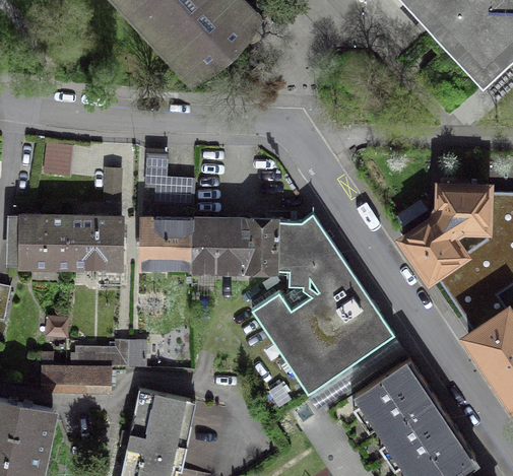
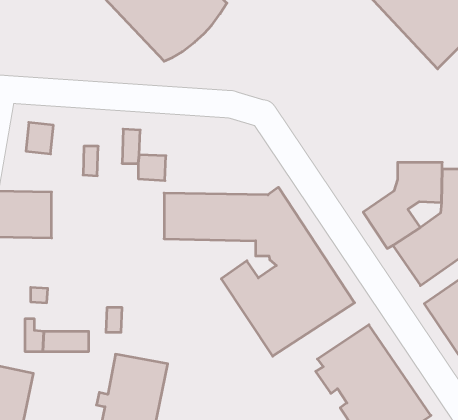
building: [71,218,120,267] -> none
building: [141,219,191,268] -> none
building: [77,341,130,367] -> none

